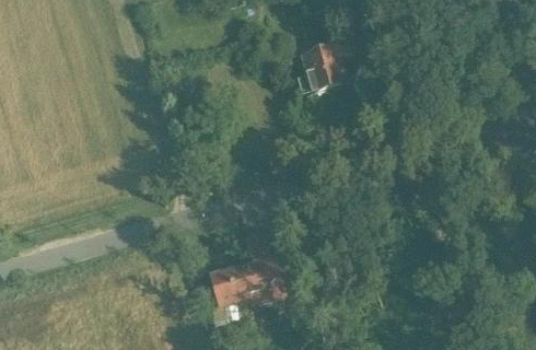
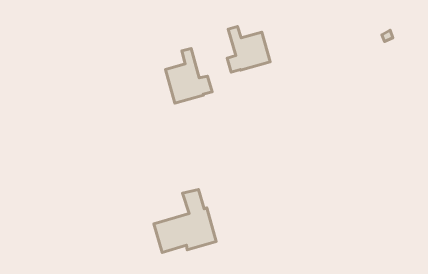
building: none -> [165,48,212,103]

